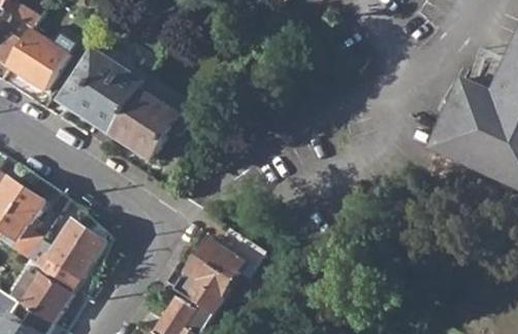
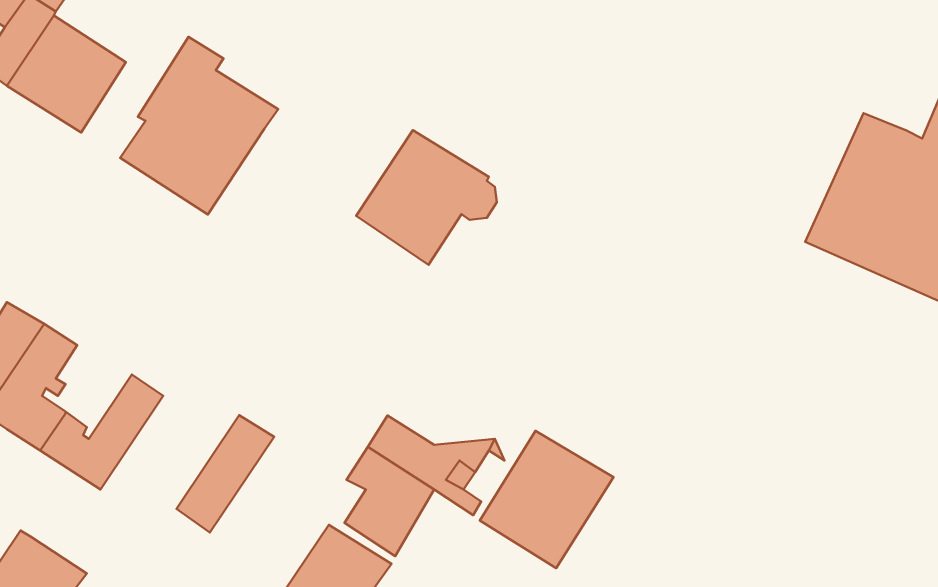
building: [110,88,185,159] -> [356,130,497,265]
building: [54,229,105,291] -> [177,415,274,532]
building: none -> [480,431,614,568]
building: [17,273,66,323] -> none

